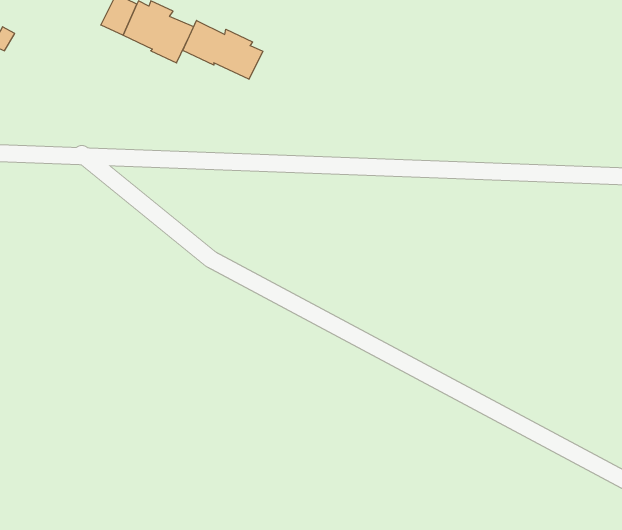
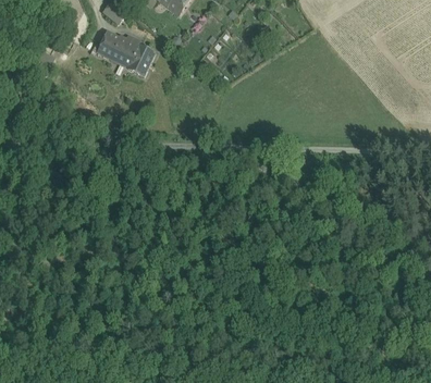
building: [183,20,263,79] -> none

